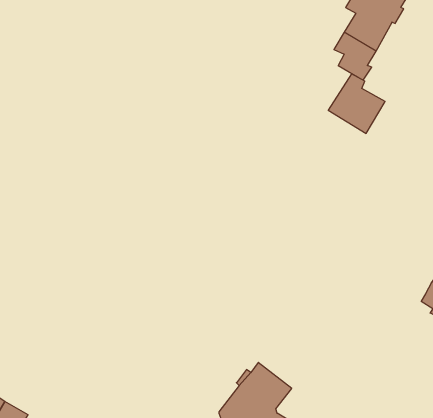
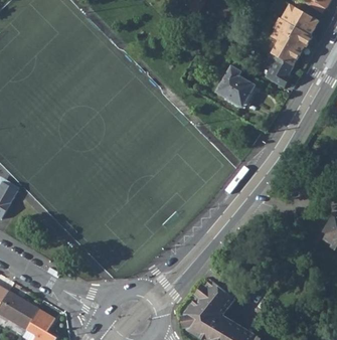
building: [328,74,385,133] -> [215,66,255,108]

